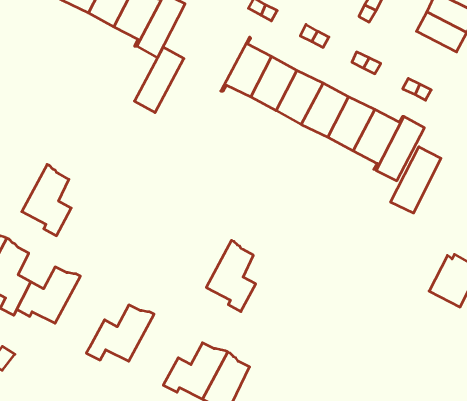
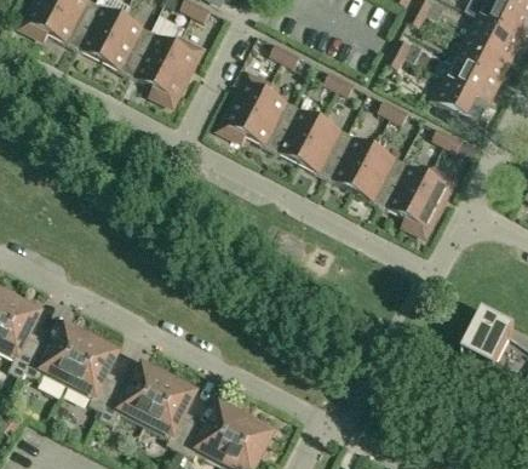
building: none -> [436,78,489,121]
building: [134,47,184,113] -> [219,72,271,141]
building: [391,147,441,213] -> none
building: [22,164,71,236] -> [67,336,119,411]
building: [206,240,256,312] -> [144,376,196,451]

